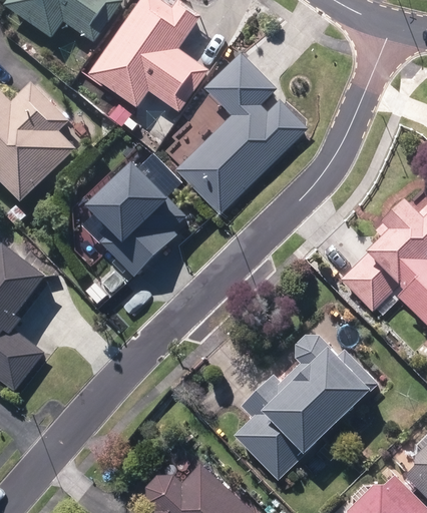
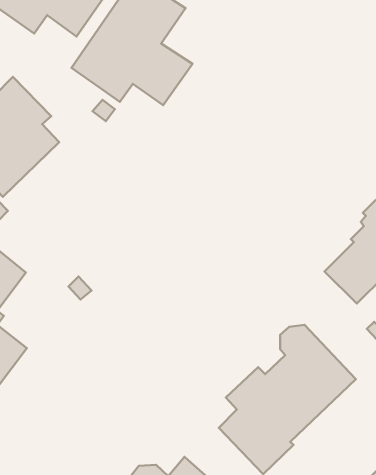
building: [176,55,308,215] -> none
building: [86,164,186,279] -> none

